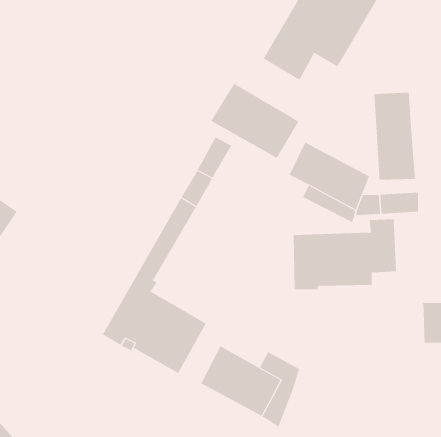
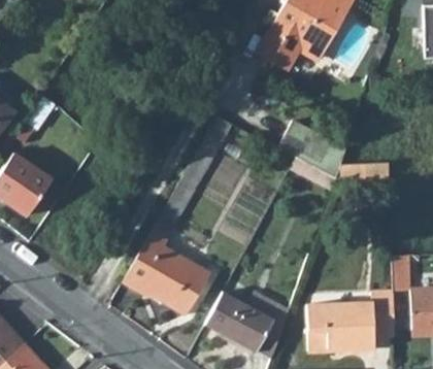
building: [211,83,299,159] -> none
building: [374,92,415,181] -> none
building: [293,219,397,290] -> [307,292,395,351]

